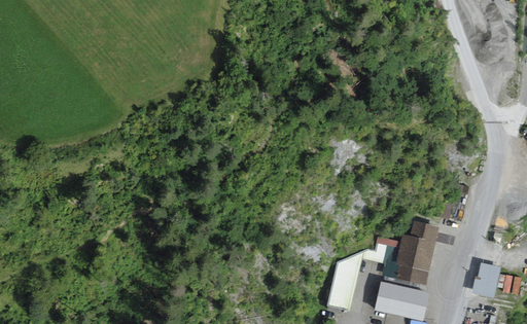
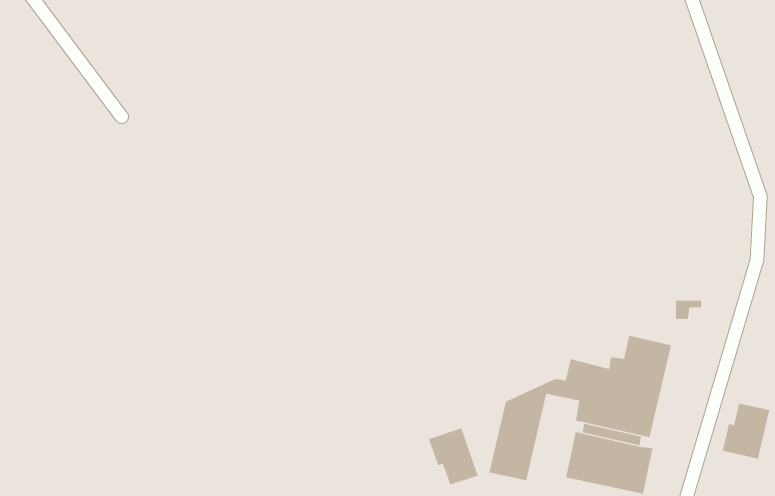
building: none -> [428,427,479,486]

